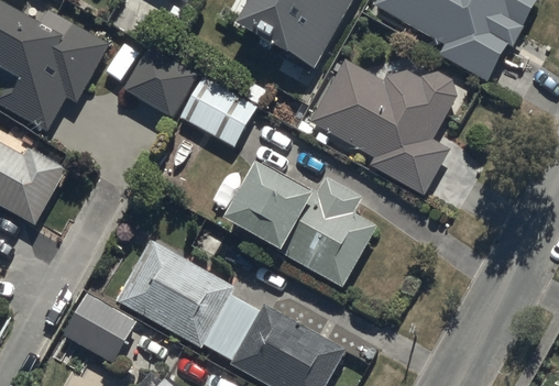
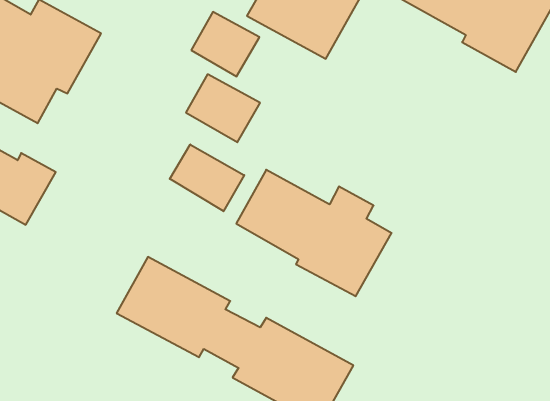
building: [130,54,193,113] -> [191,12,259,76]
building: [315,65,454,190] -> none
building: none -> [170,144,244,211]
building: [73,299,131,354] -> none

